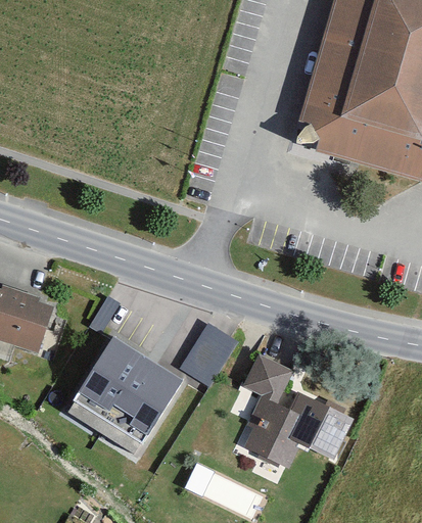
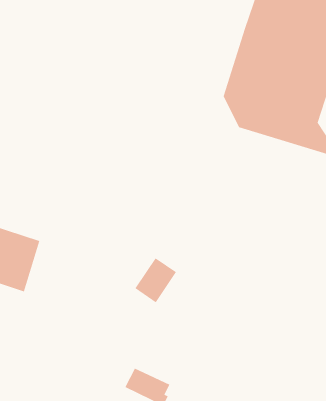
building: [66,328,185,451] -> none
building: [242,343,351,473] -> none

